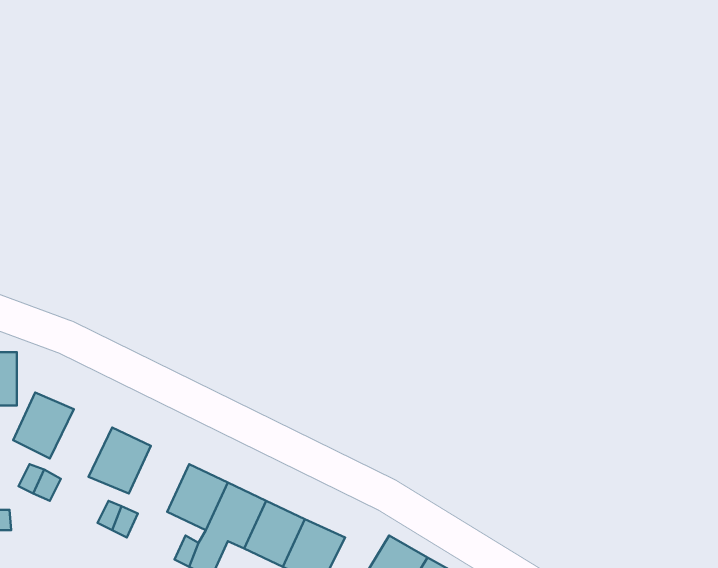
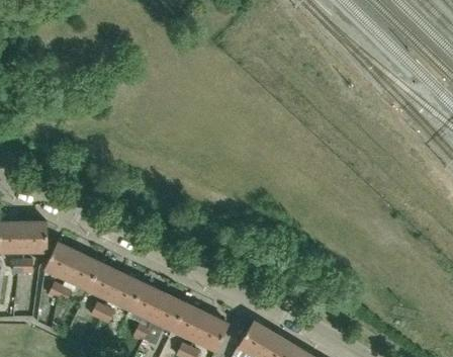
building: none -> [65,253,99,290]
building: none -> [108,273,142,309]

